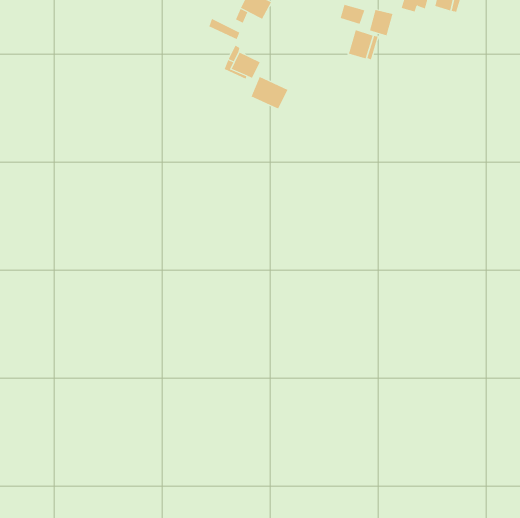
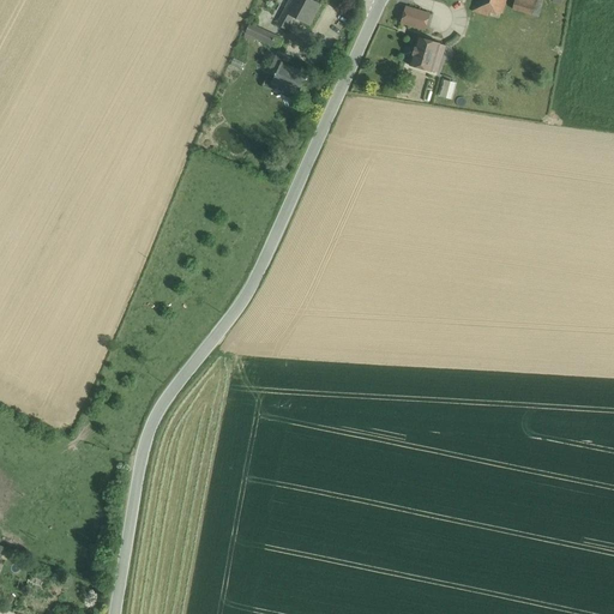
building: [369,9,393,36] -> none
building: [251,76,288,110] -> none

